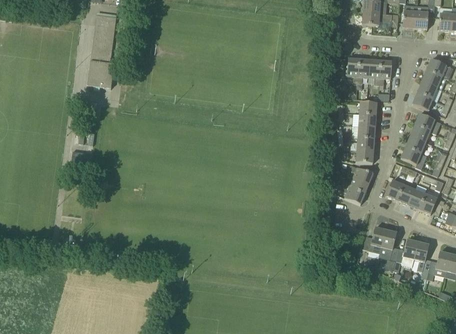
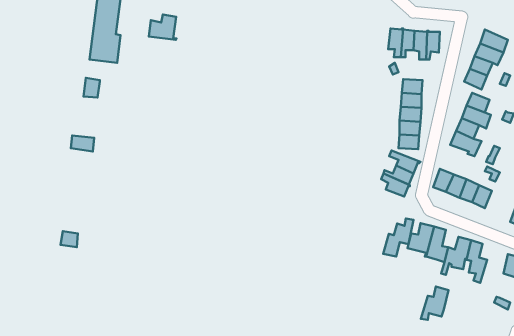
building: none -> [149,14,176,40]
building: none -> [383,218,414,257]
building: [426,250,450,279] -> [421,287,449,320]

